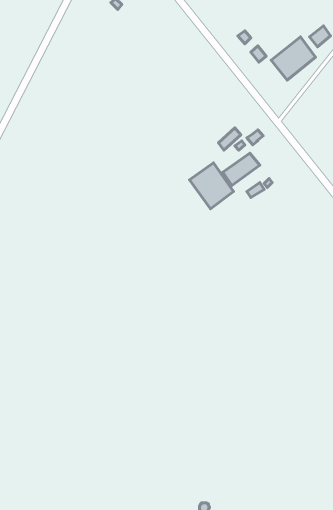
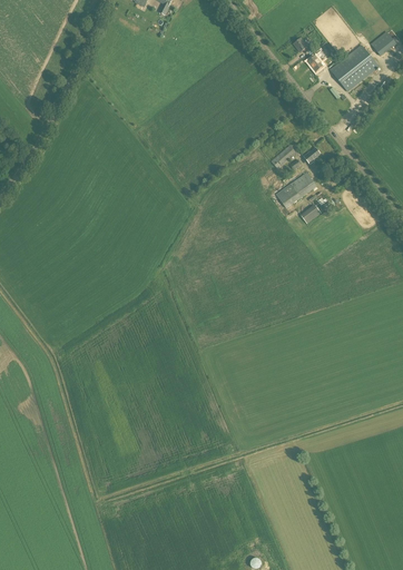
building: [190,163,233,209] -> none

